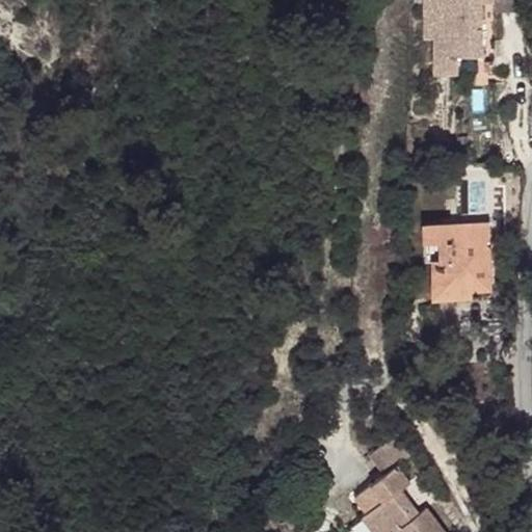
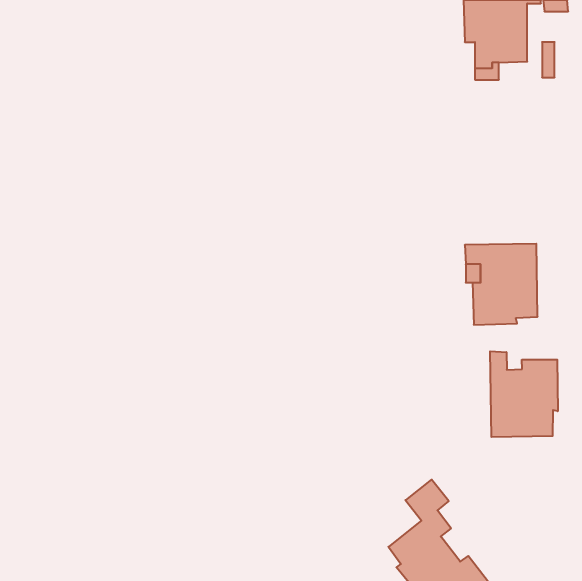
building: none -> [490,351,558,437]

